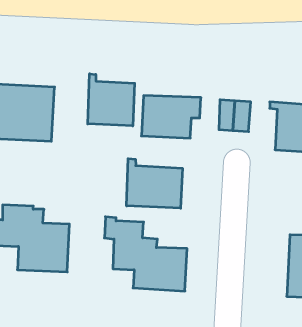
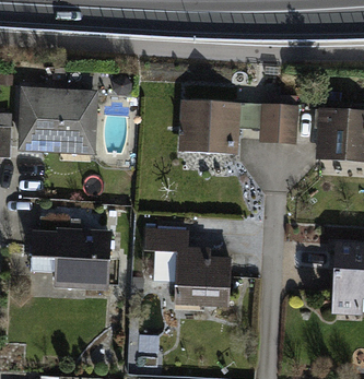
building: [88,74,135,126] -> none
building: [127,159,182,208] -> none

